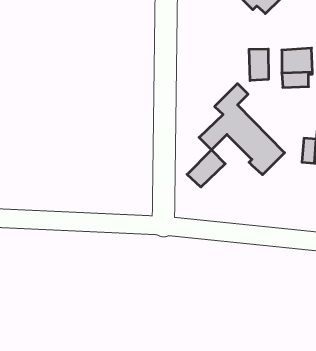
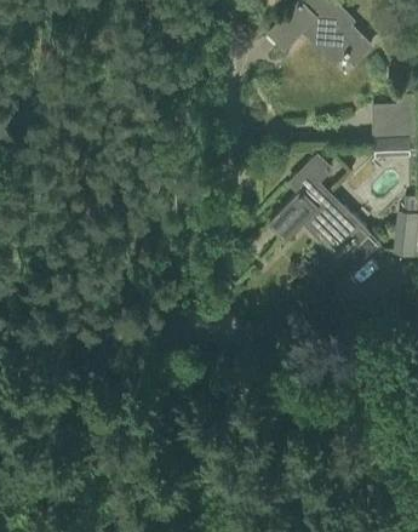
building: [249,49,268,81] -> none
building: [187,150,225,187] -> none

